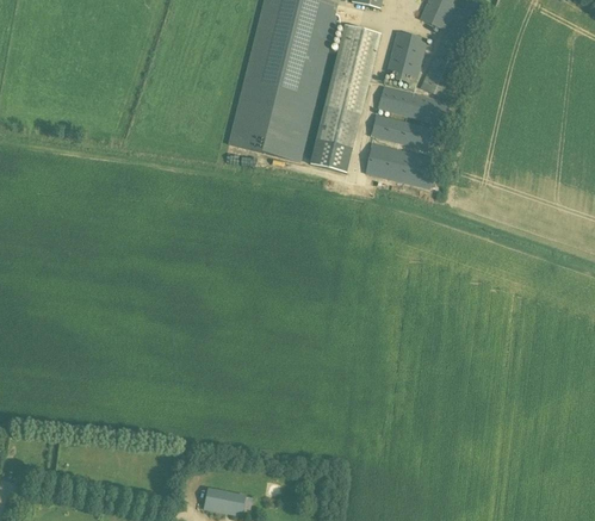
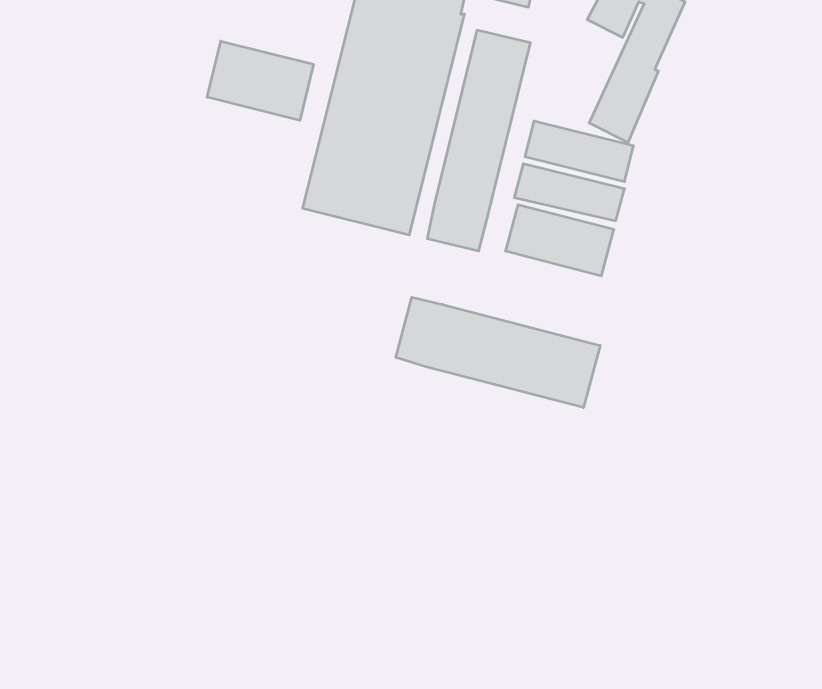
building: [386,30,427,80] -> none
building: none -> [207,41,313,120]
building: none -> [396,297,600,408]

